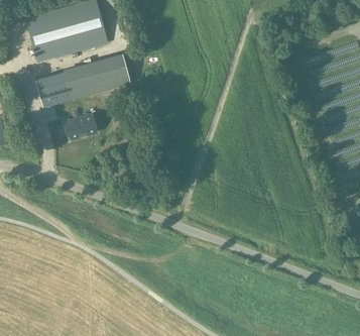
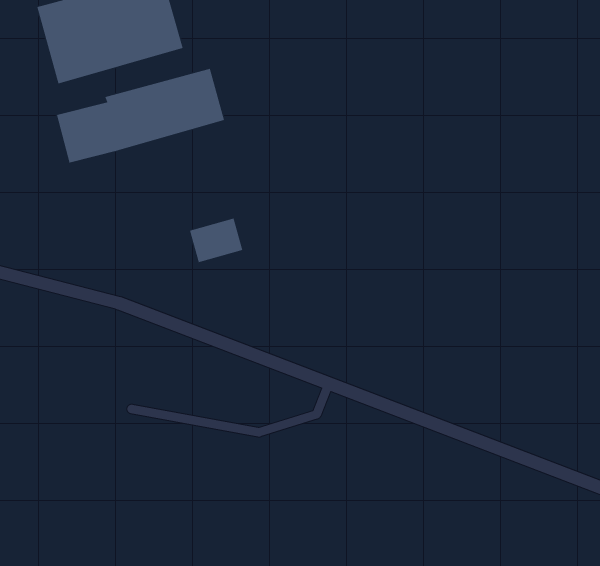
building: [66,114,96,139] -> [189,218,243,263]

